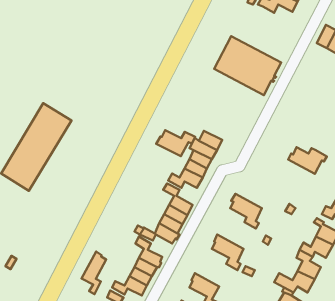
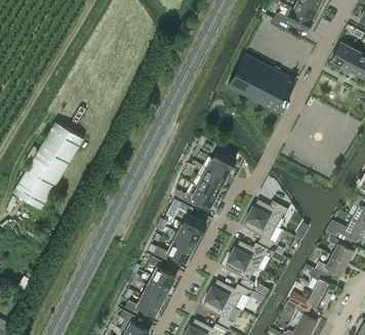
building: [156,130,195,156] -> none
building: [288,147,327,174] -> [249,200,288,226]
building: none -> [231,241,272,267]
building: [82,251,106,294] -> none
building: none -> [208,280,249,307]

